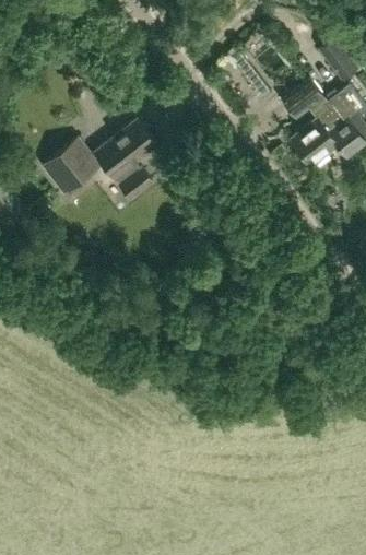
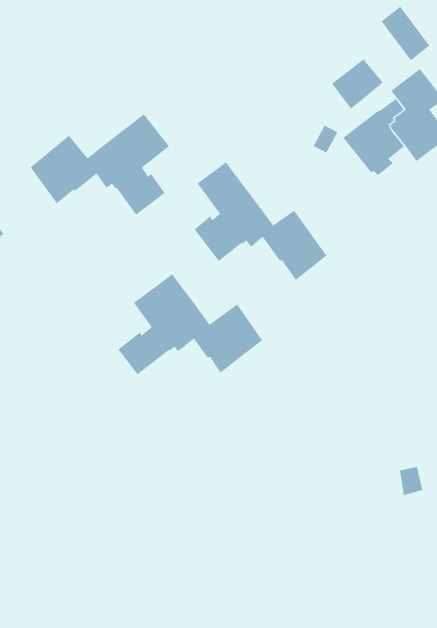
building: none -> [194,162,327,281]
building: none -> [118,273,263,375]

